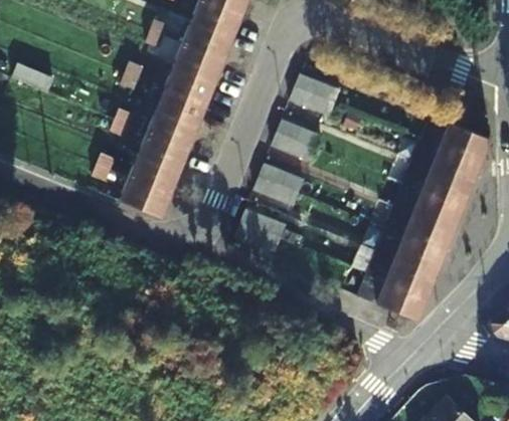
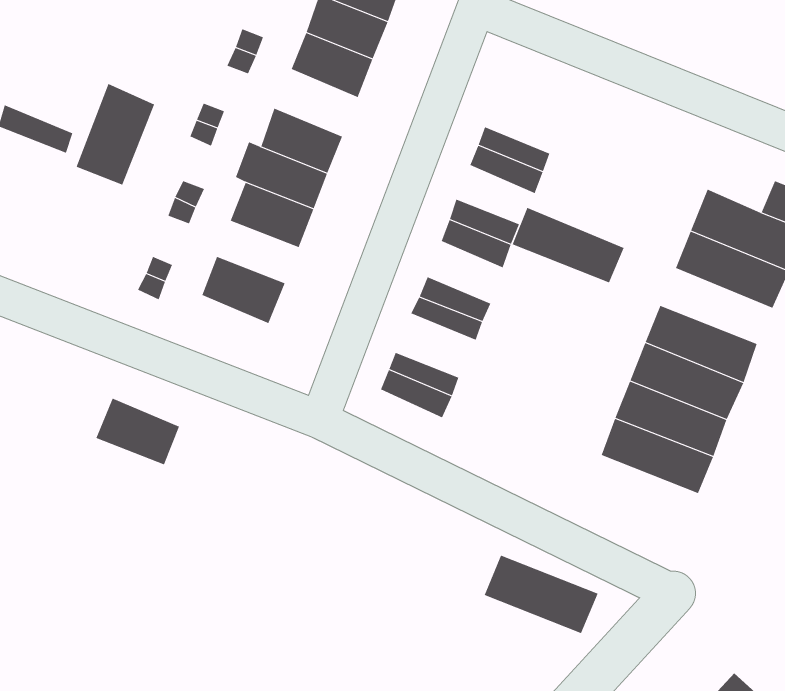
building: [174,43,224,83] -> none
building: none -> [76,83,155,185]
building: [140,134,189,171] -> none
building: [404,162,472,207] -> [512,207,625,283]
building: [121,178,171,218] -> [95,398,180,465]
building: [359,273,428,321] -> [484,555,598,634]

